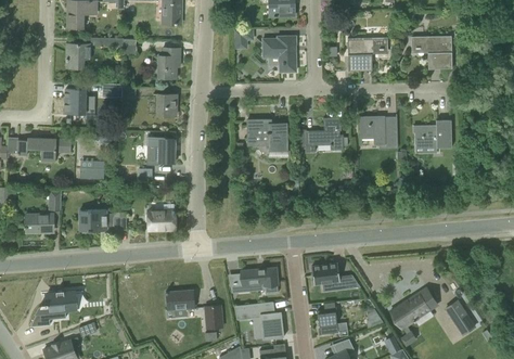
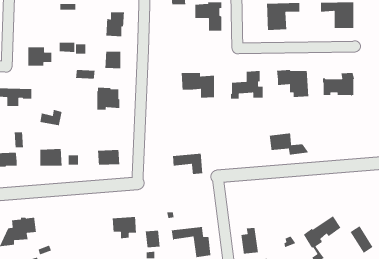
building: [66,43,91,67] -> none
building: [311,262,359,290] -> [269,133,309,156]
building: [241,268,278,294] -> [172,153,203,175]

